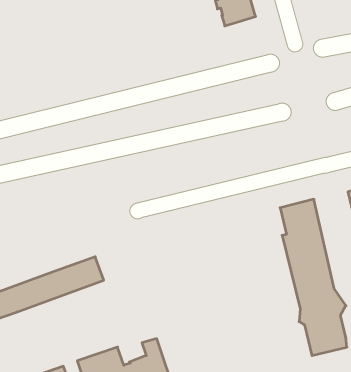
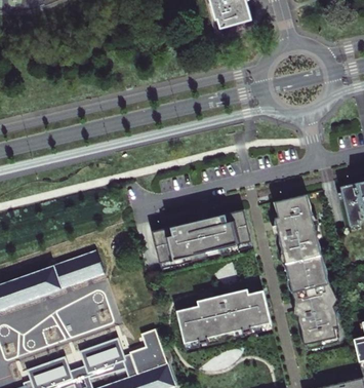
building: none -> [151,210,251,265]
building: none -> [175,289,269,344]

